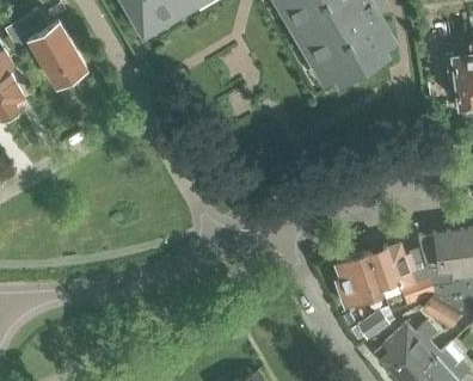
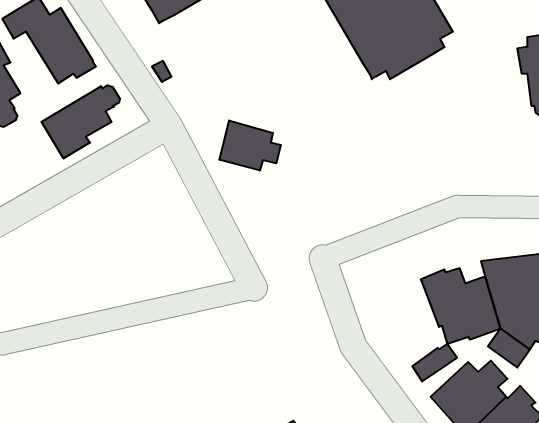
building: none -> [41,85,120,159]
building: none -> [220,120,281,171]
building: [334,253,381,307] -> none

